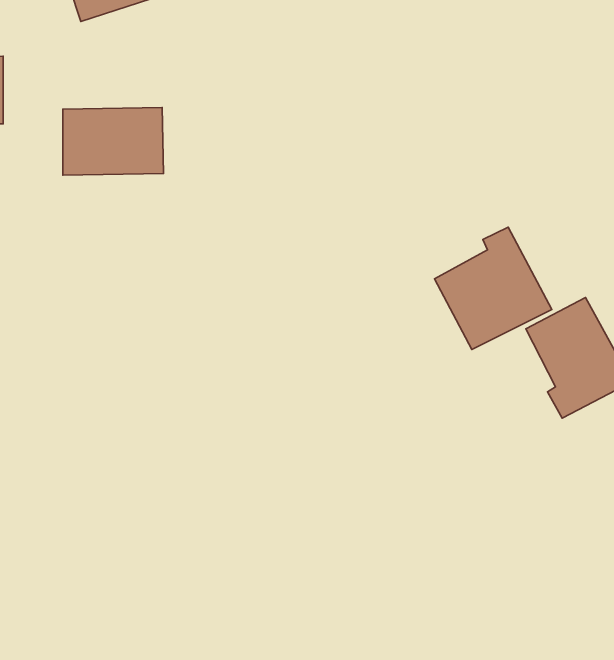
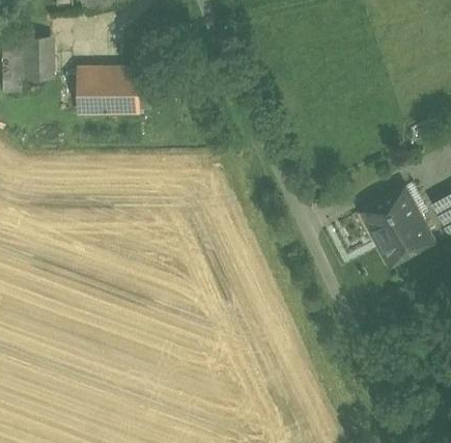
building: [435,227,552,350] -> none

